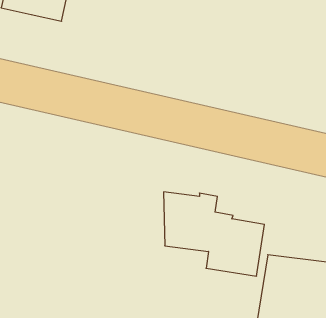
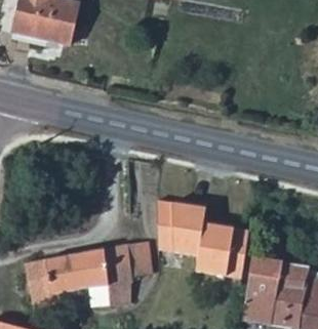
building: none -> [24,241,154,307]

